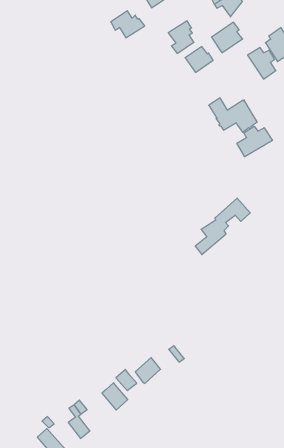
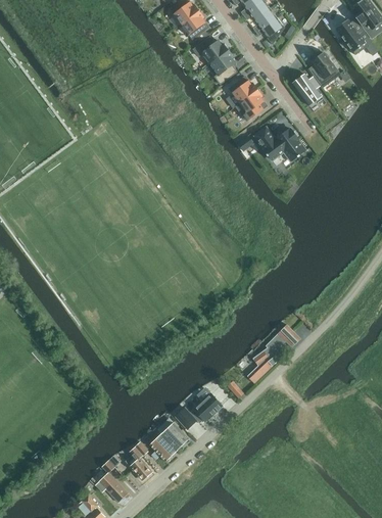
building: [111,11,145,38] -> [193,35,228,62]
building: [211,22,243,53] -> [235,88,267,120]
building: [237,126,272,157] -> none
building: [195,198,250,255] -> [246,323,300,382]
building: none -> [149,432,177,460]

